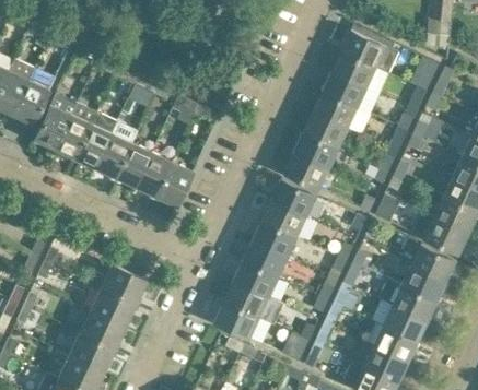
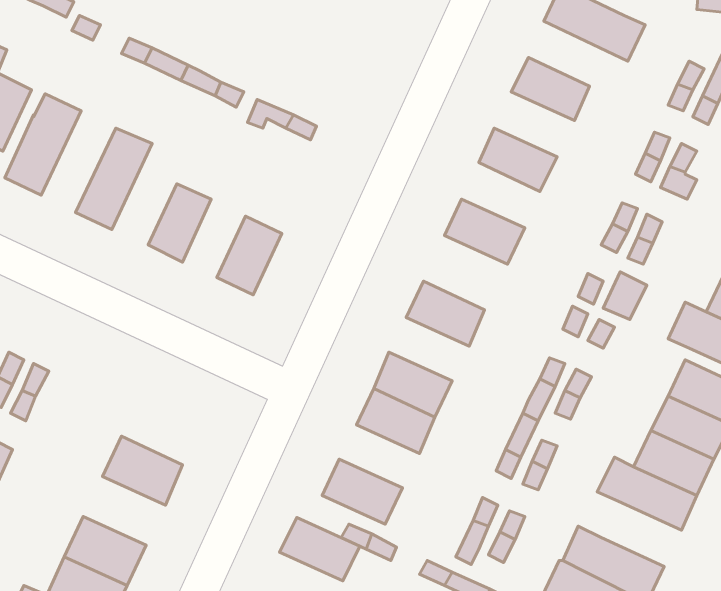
building: [333,50,389,93] -> none
building: [313,91,359,128] -> none
building: [54,102,96,159] -> none
building: [94,120,138,178] -> none
building: [294,131,339,168] -> none
building: [135,152,171,197] -> none
building: [272,178,317,215] -> none
building: [253,220,299,256] -> none
building: [100,263,145,304] -> none
building: [224,281,270,317] -> [280,518,360,581]
building: [78,310,125,350] -> none
building: [374,324,420,362] -> none

